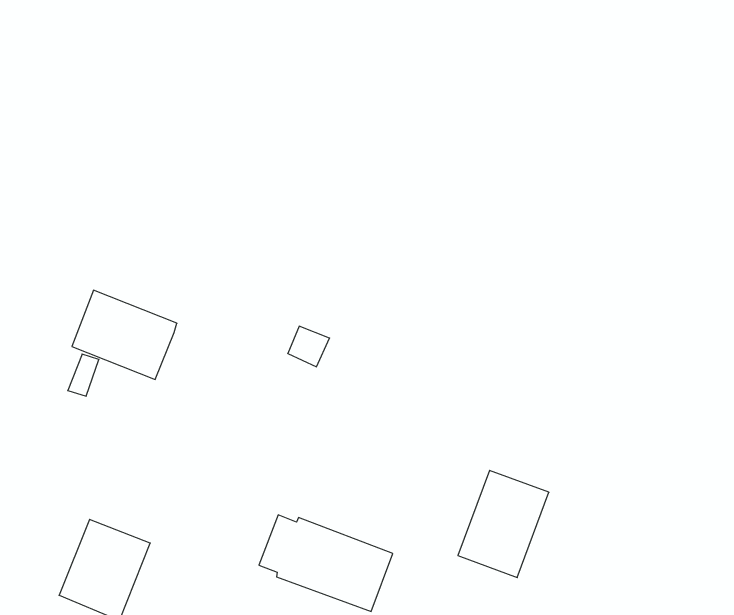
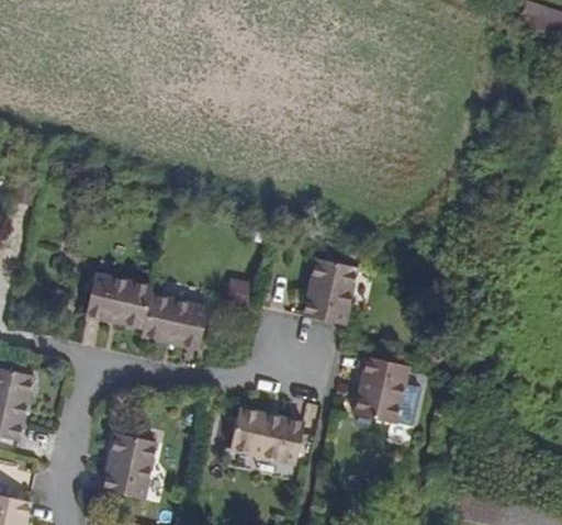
building: none -> [302,257,360,324]
building: none -> [138,294,206,353]

